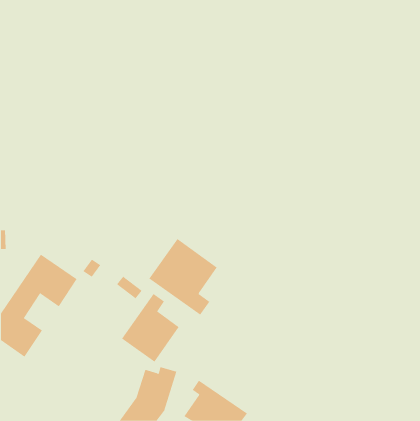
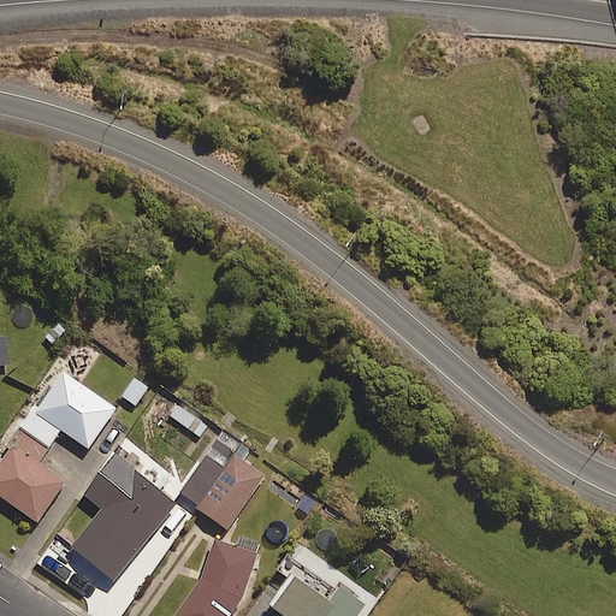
building: [148,238,217,316] -> none
building: none -> [71,457,174,581]

